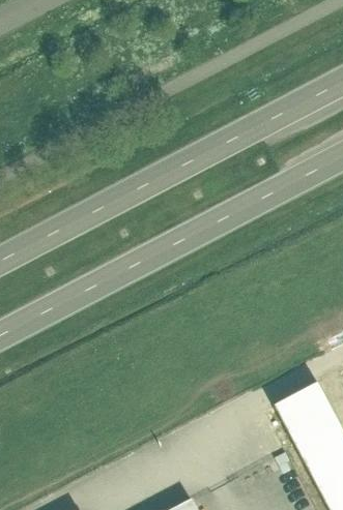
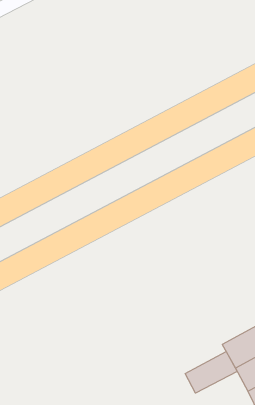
building: none -> [185,352,237,393]

